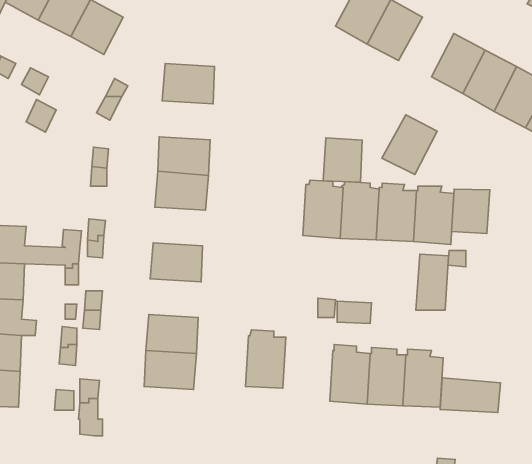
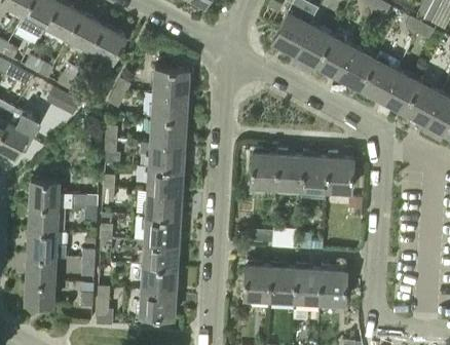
building: none -> [151,94,188,121]
building: [382,115,437,174] -> [315,37,353,78]
building: [323,138,362,182] -> none
building: [452,189,490,233] -> none
building: none -> [147,167,183,194]
building: [416,254,448,310] -> none
building: none -> [144,217,180,243]
building: [245,330,286,388] -> [242,261,270,301]
building: [440,378,500,413] -> none
building: none -> [139,291,175,317]

